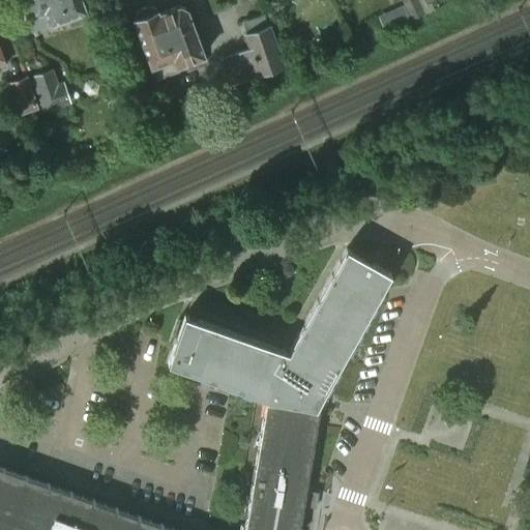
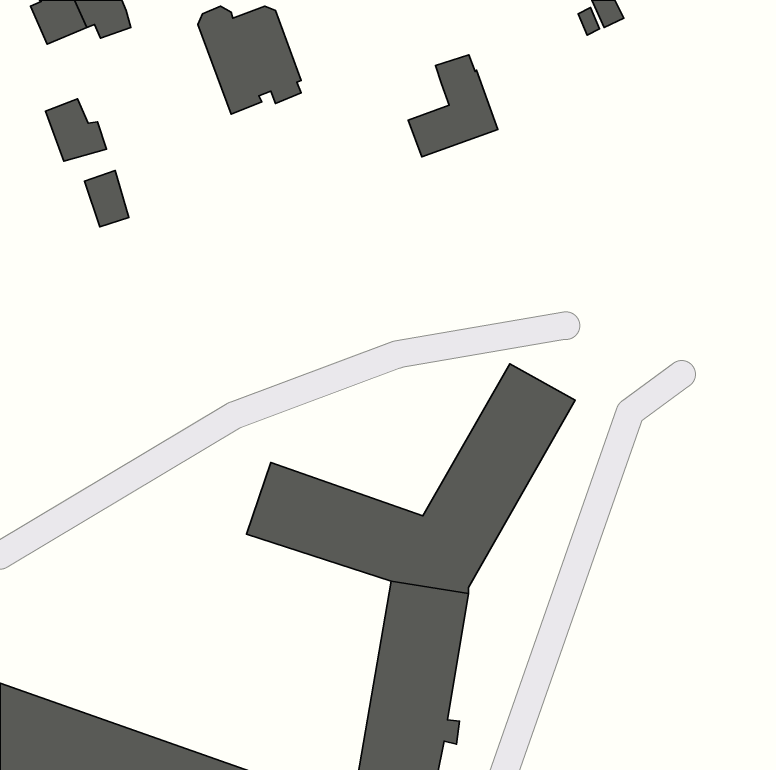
building: [225,19,286,88] -> [408,55,498,157]
building: [8,80,38,118] -> [85,170,129,227]

